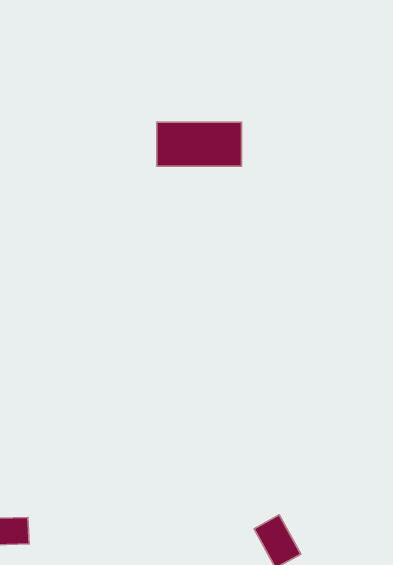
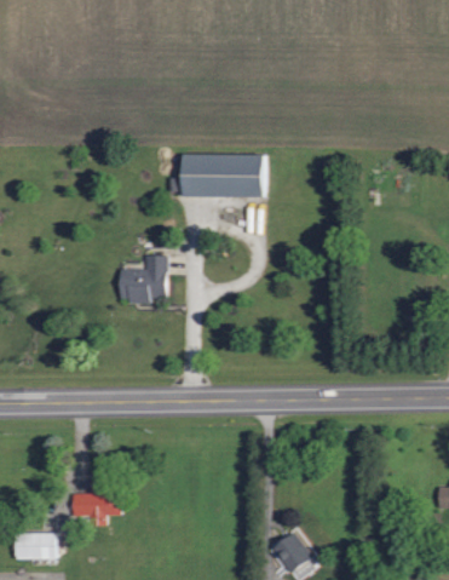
building: none -> [119,254,167,300]
building: none -> [71,488,121,526]

